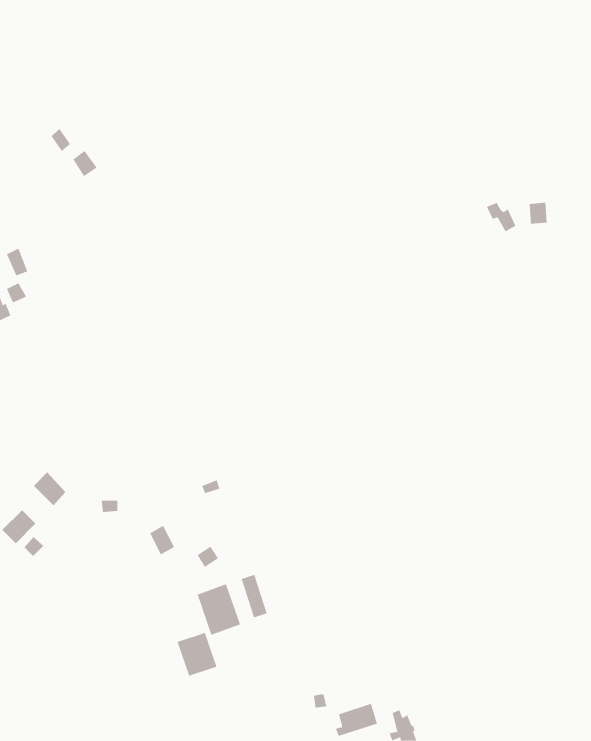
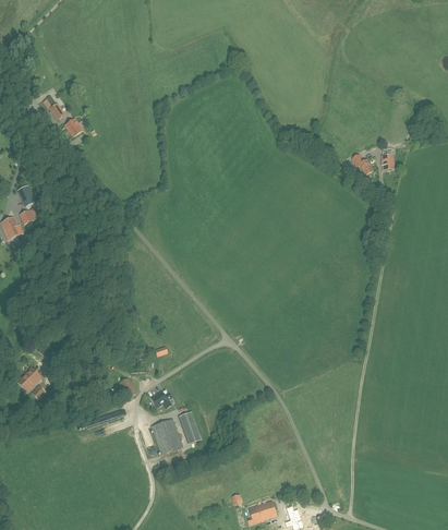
building: [177,632,217,676] -> none

